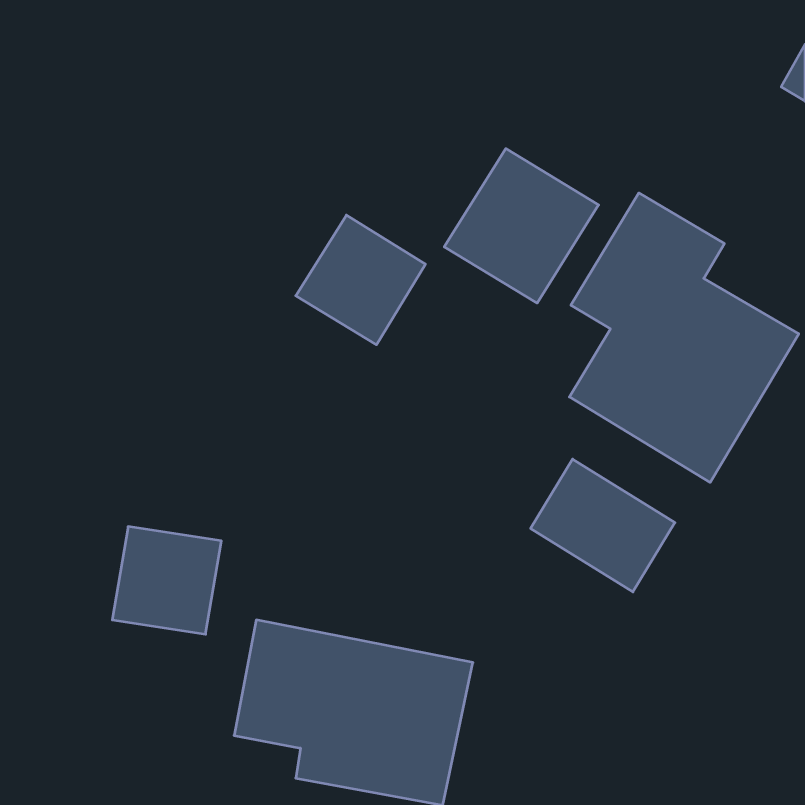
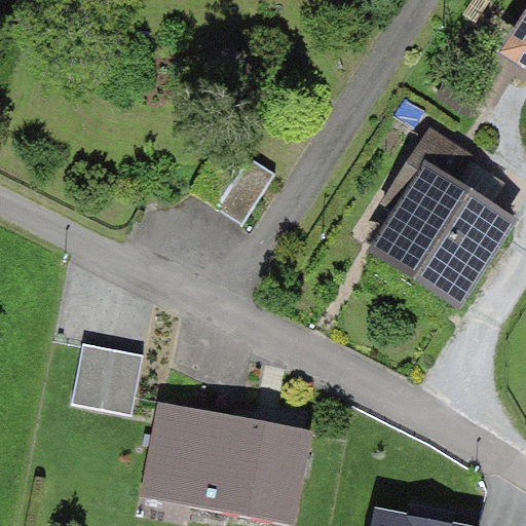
building: [444,149,599,303] -> none
building: [531,459,675,592] -> none

